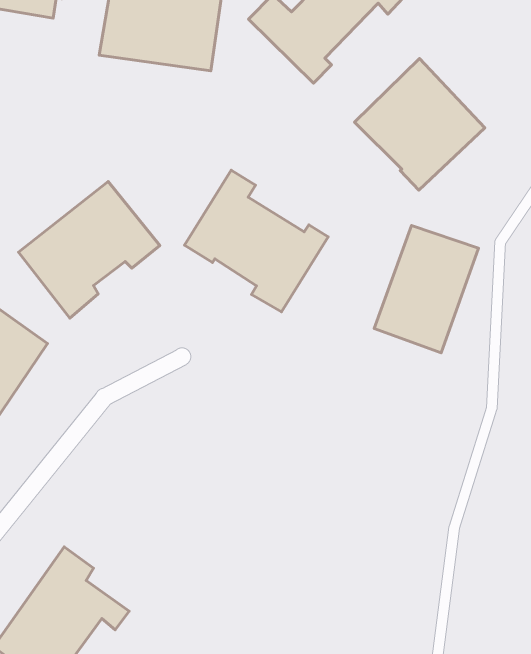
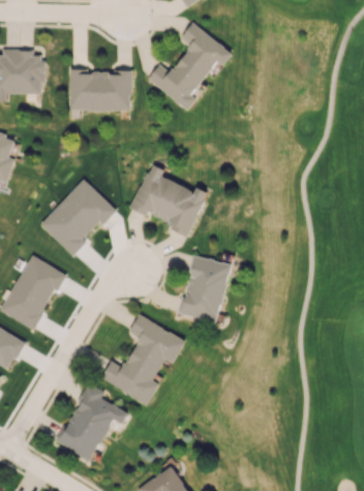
building: [354,59,485,190] -> none
building: [374,226,479,353] -> [180,256,231,323]
building: none -> [100,315,186,405]

